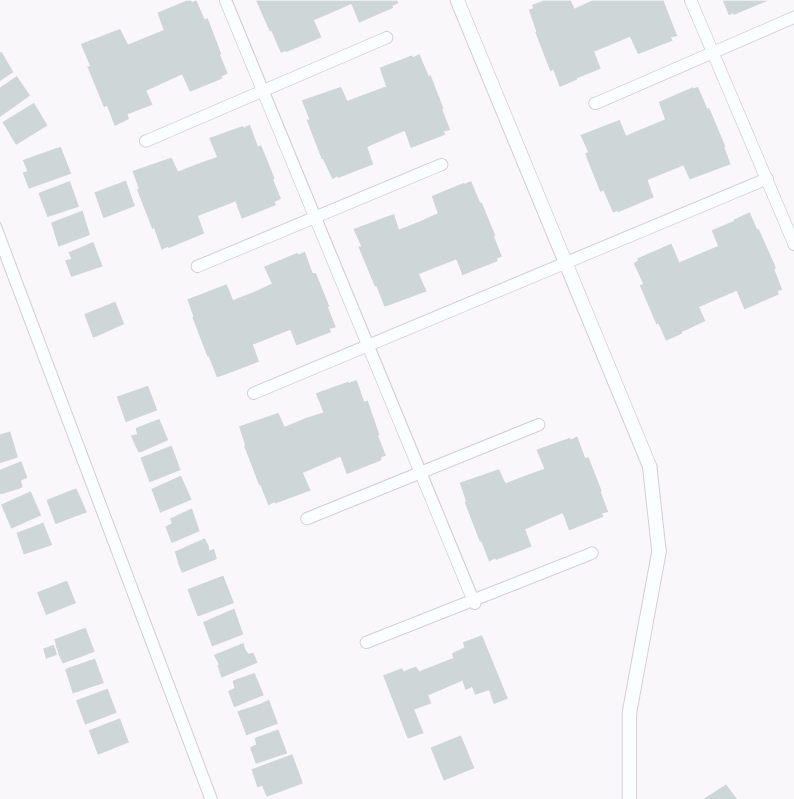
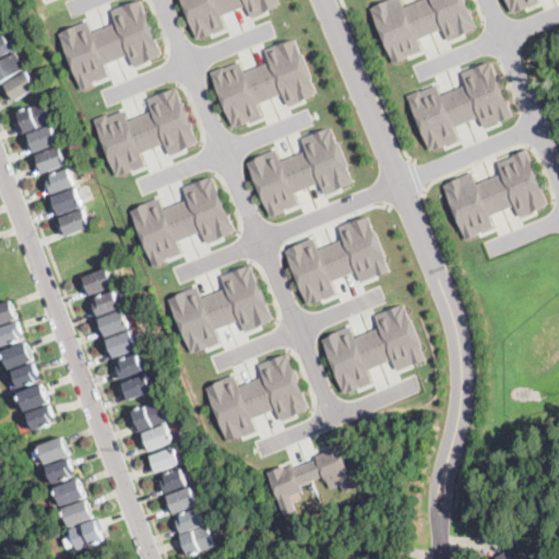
building: [93,180,136,219] -> [50,189,80,216]
building: none -> [283,216,388,304]
building: [46,487,88,525] -> [16,385,46,412]
building: none -> [202,354,307,441]
building: [430,734,475,782] -> none
building: none -> [68,520,102,551]

